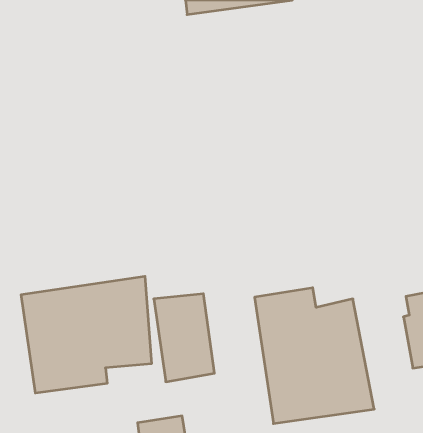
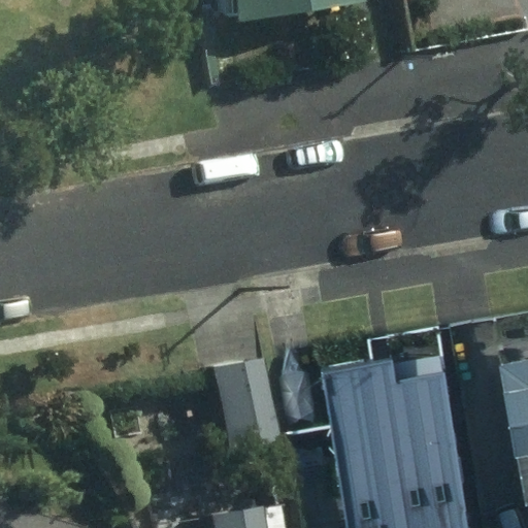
building: [21,276,151,393] -> none

